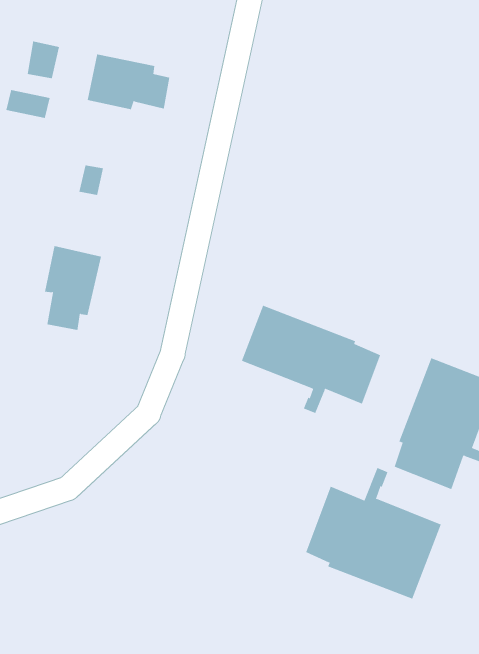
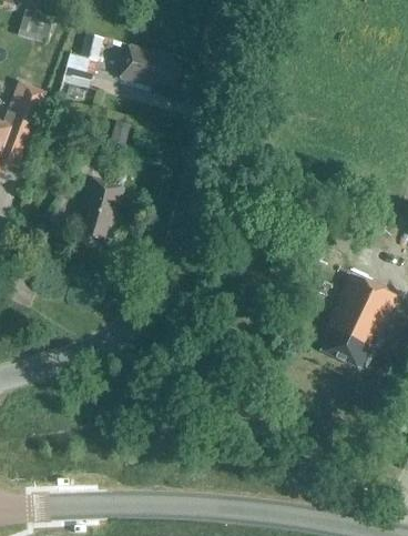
building: [241,305,381,414] -> none
building: [305,467,441,600] -> none

